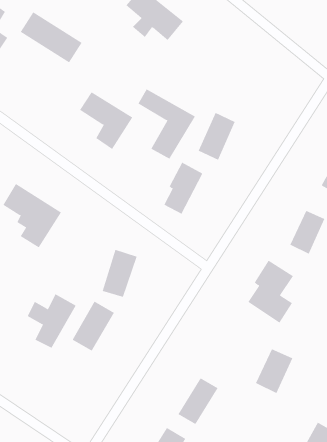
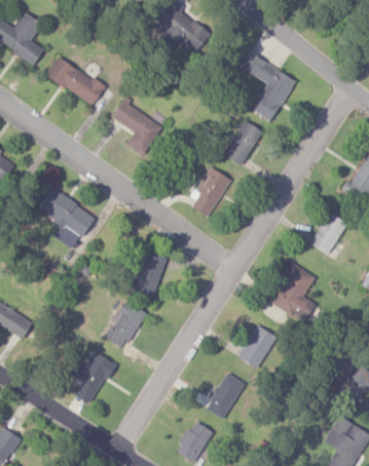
building: [20,11,82,63] -> [44,56,104,106]
building: [138,88,196,160] -> [239,53,295,121]
building: [27,294,77,349] -> [67,351,114,403]
building: [255,349,293,394] -> [238,324,274,367]

